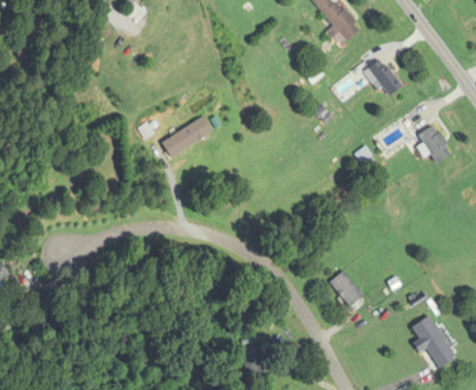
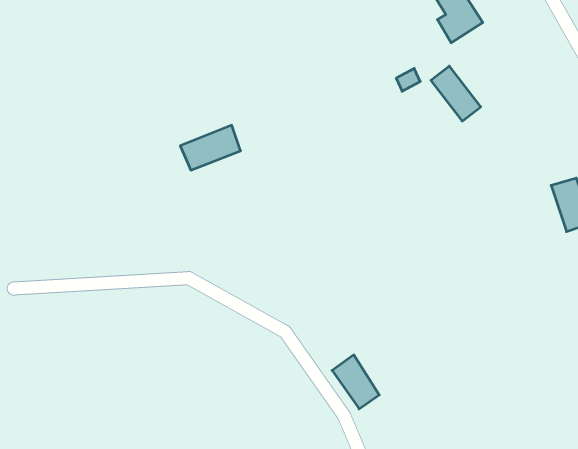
building: [367,60,403,96] -> [431,66,481,121]
building: [329,271,363,307] -> [332,355,379,409]

